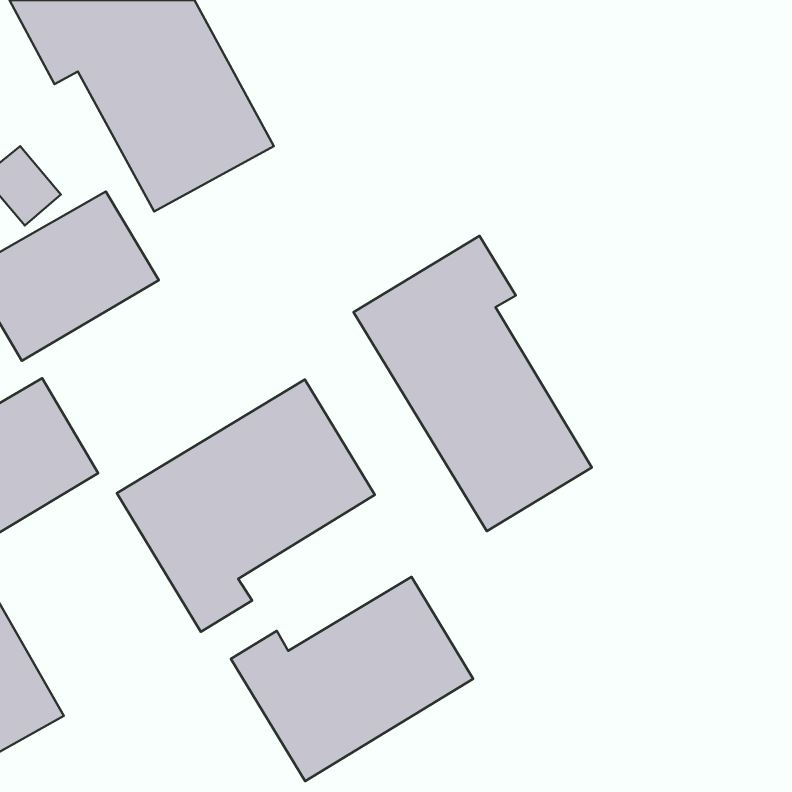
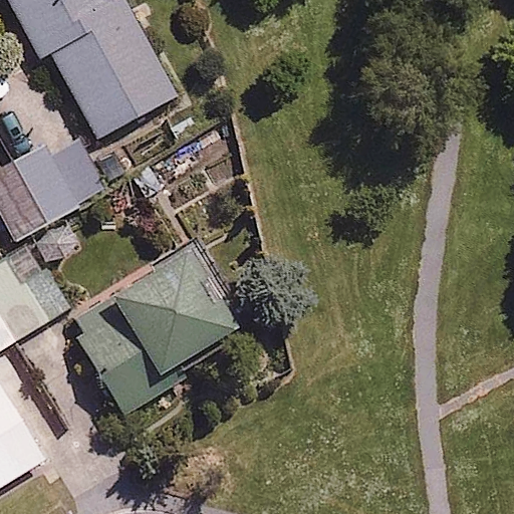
building: [353,236,592,531] -> none
building: [231,577,473,781] -> none

